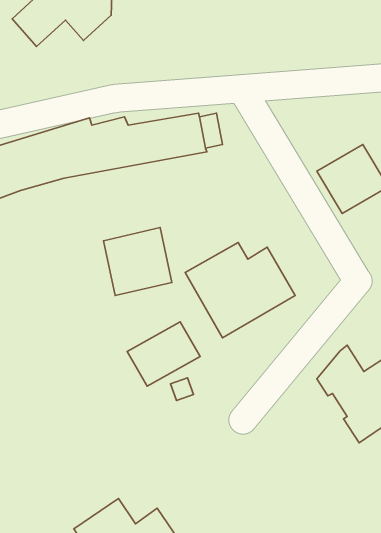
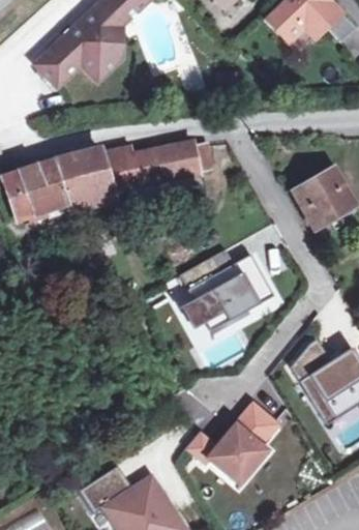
building: [103,228,172,295] -> none
building: [127,322,200,386] -> none
building: none -> [189,408,280,488]

